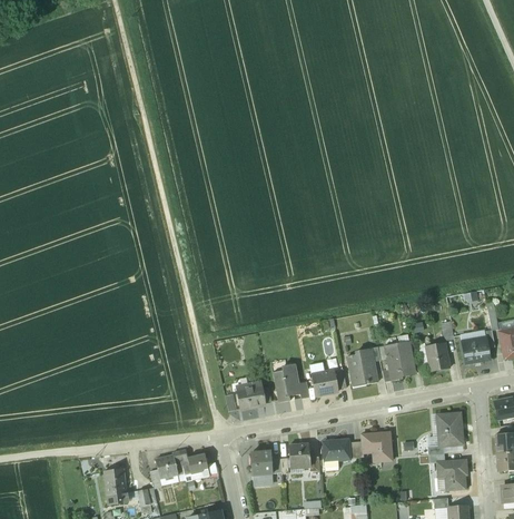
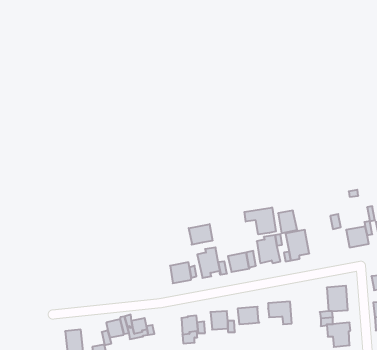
building: none -> [244,207,276,234]
building: none -> [189,224,212,245]
building: [425,342,449,371] -> [278,211,297,233]

